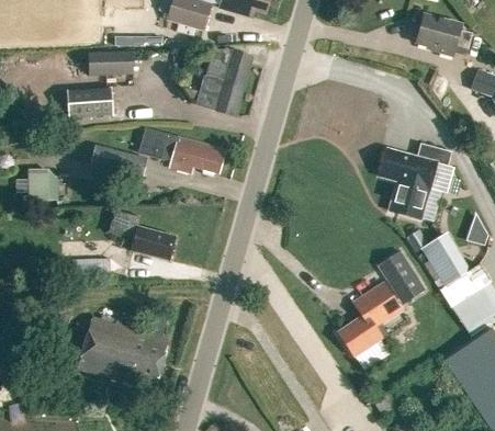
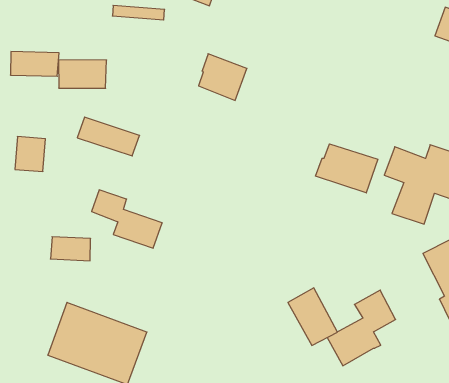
building: [205,48,252,86] -> none
building: [87,50,132,75] -> [10,52,59,76]
building: [140,128,224,173] -> none
building: none -> [316,144,378,193]
building: [376,248,425,302] -> [288,288,337,345]

